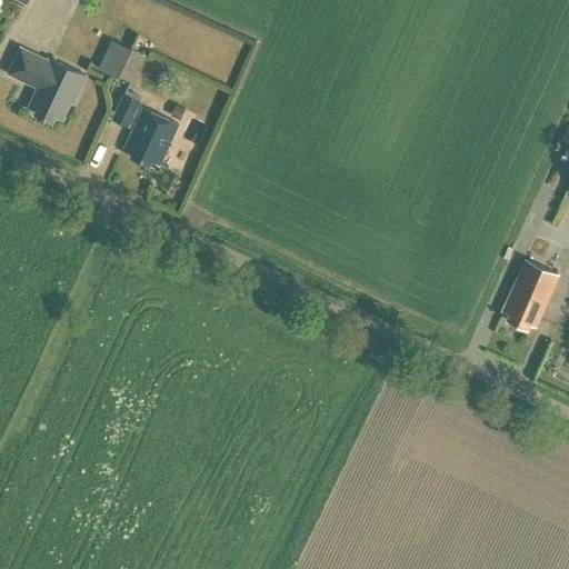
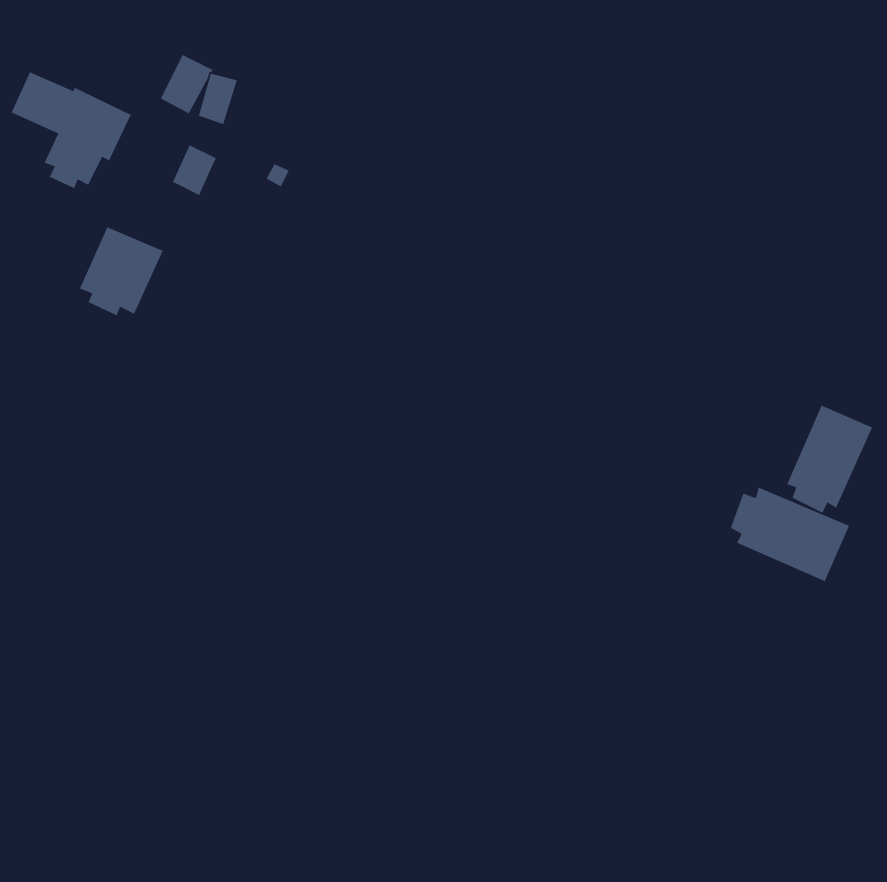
building: [121,111,176,169] -> [79,226,164,316]
building: none -> [730,487,850,582]

